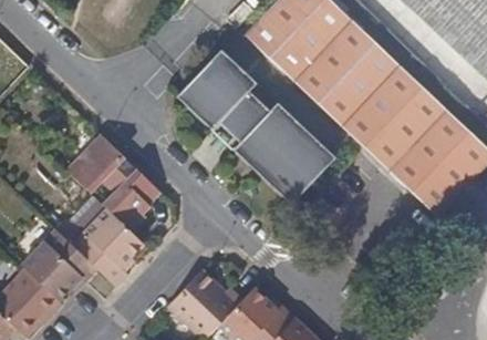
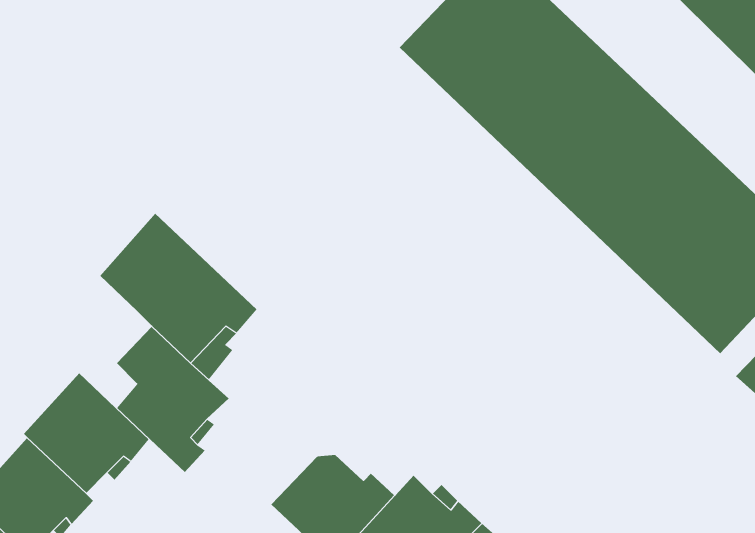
building: [176,49,336,205] -> none

